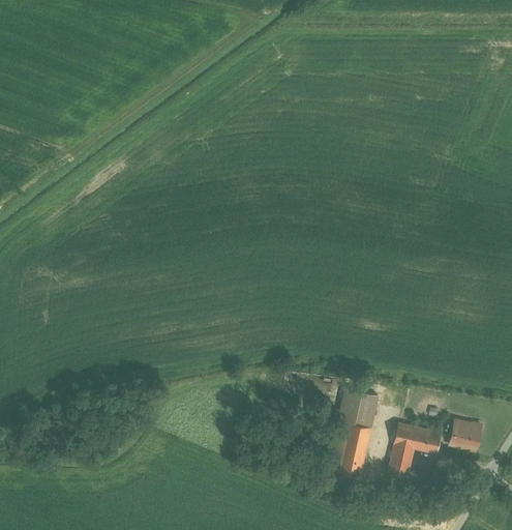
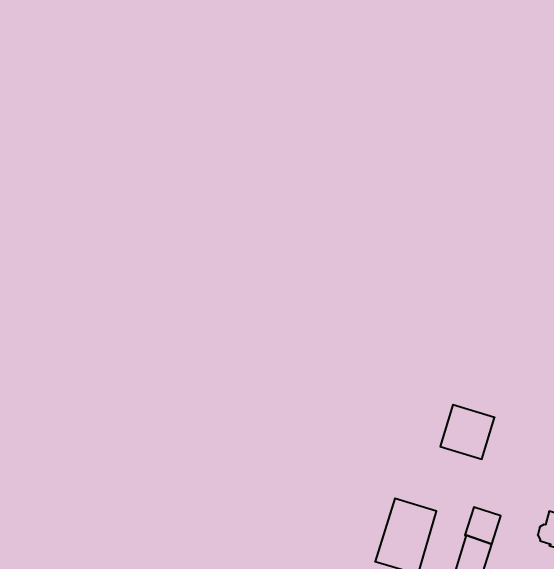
building: [339,387,379,426] -> [440,405,495,459]
building: [415,426,442,452] -> none

